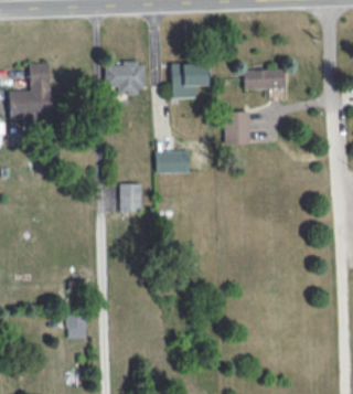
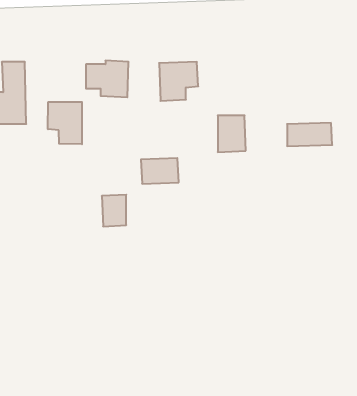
building: [245,68,286,89] -> [287,123,332,146]
building: none -> [48,102,82,144]
building: [67,316,87,339] -> none

